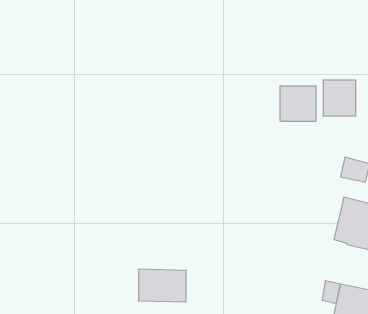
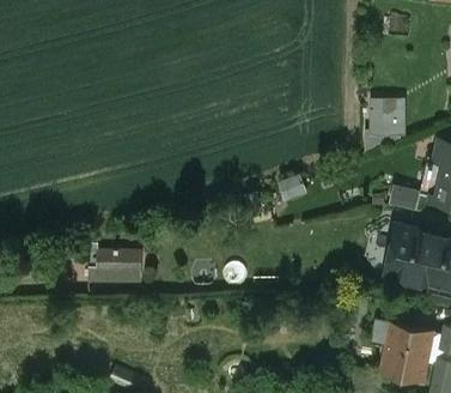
building: [280,86,316,121] -> none
building: [138,269,186,302] -> [91,247,144,283]

